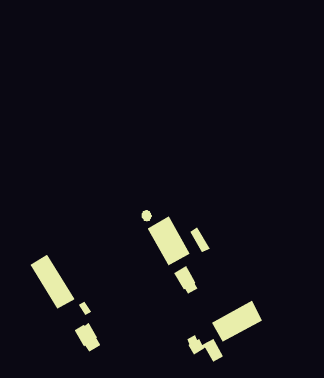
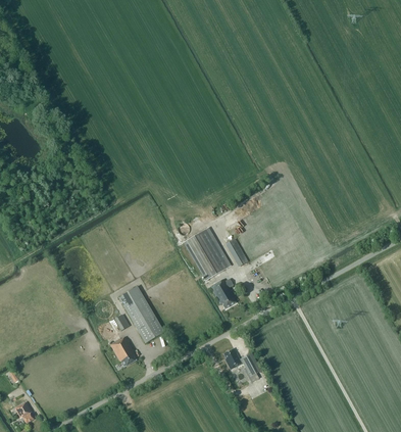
building: [29,254,75,310] -> [118,286,164,342]
building: [211,300,263,343] -> none

